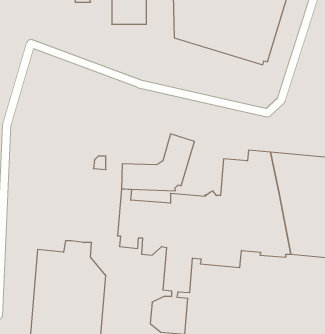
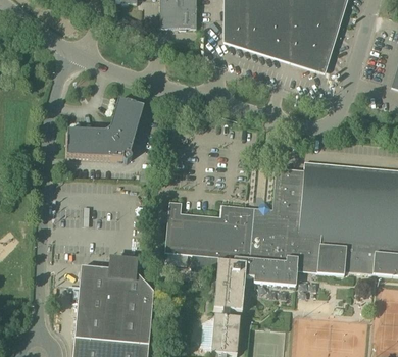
building: [121,134,194,191] -> [66,98,144,158]

